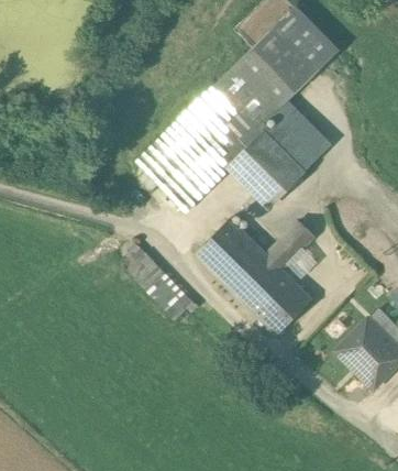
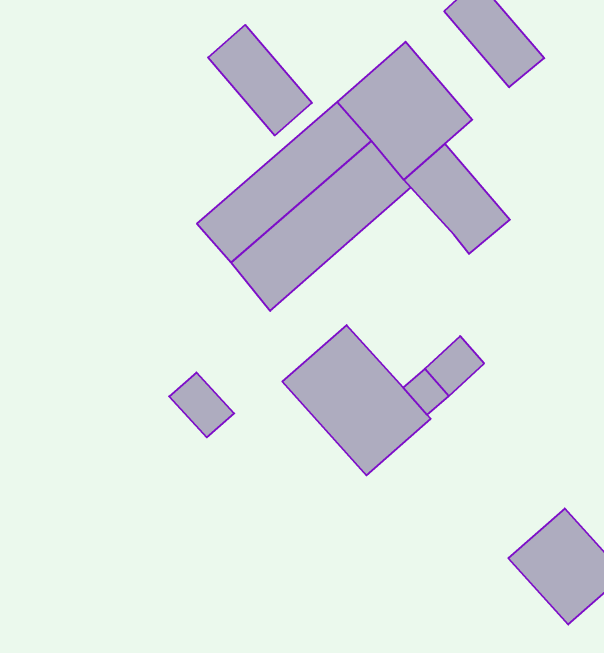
building: [255,24,319,89] -> [208,25,312,135]
building: [231,132,302,205] -> none
building: [248,270,312,335] -> none
building: [152,274,194,317] -> none

